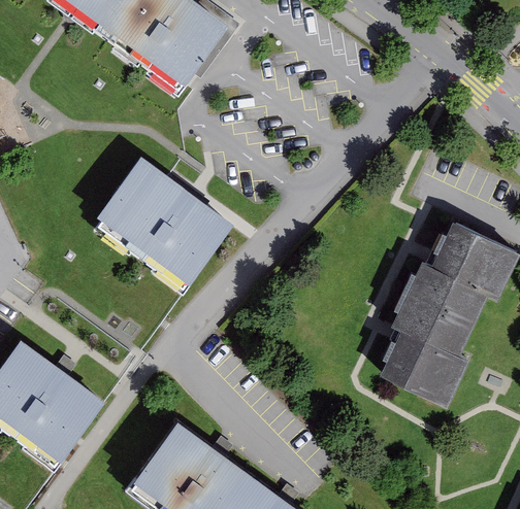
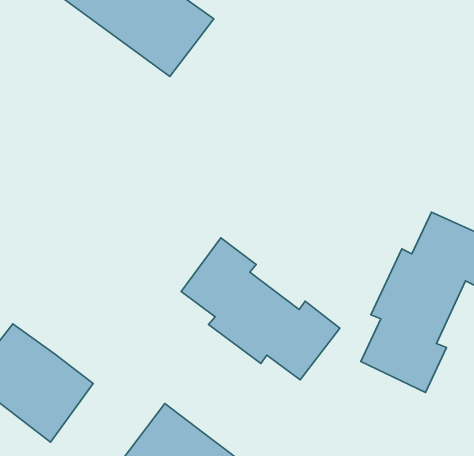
building: [96,157,232,283] -> none
building: none -> [181,238,340,380]

